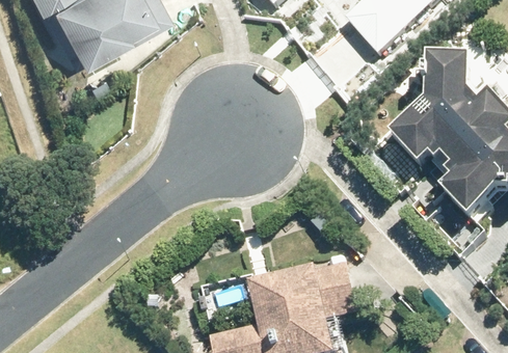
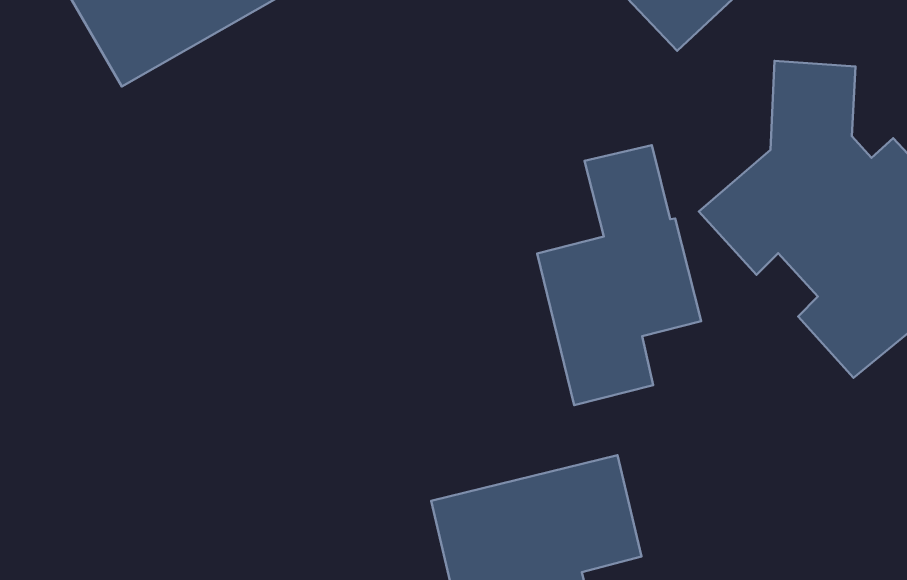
building: none -> [537,145,701,405]

